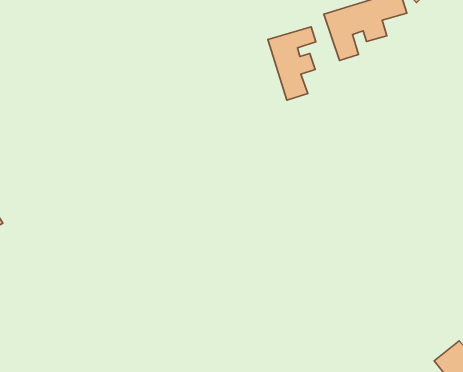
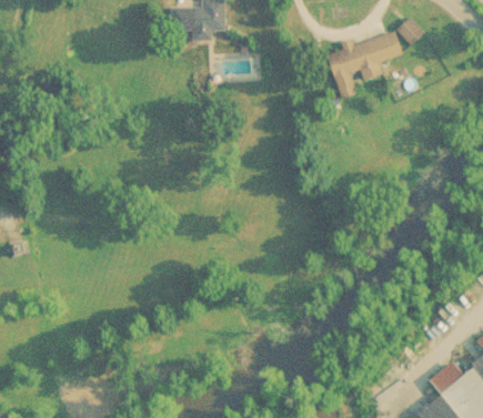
building: [268,27,316,100] -> none

